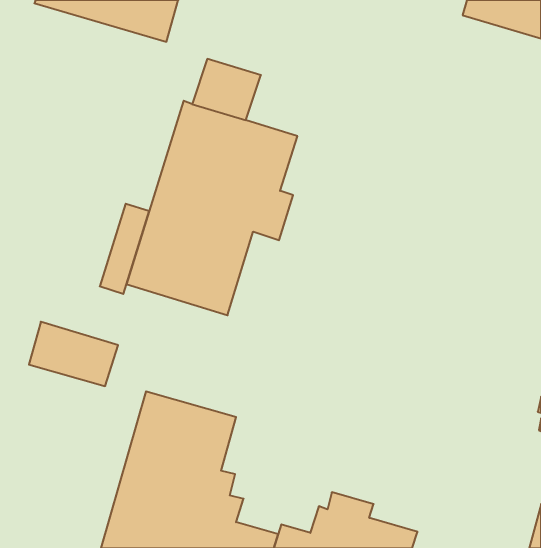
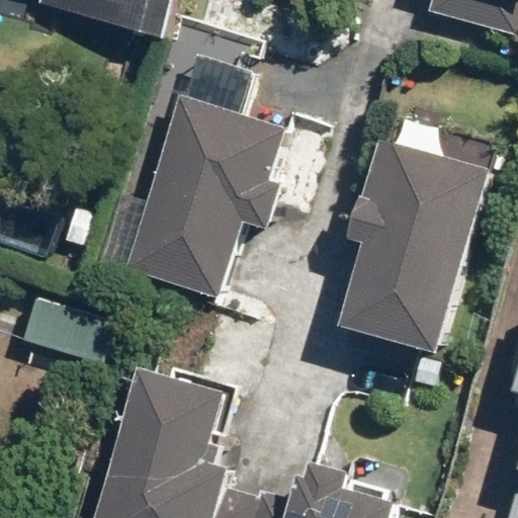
building: none -> [344,140,490,353]

